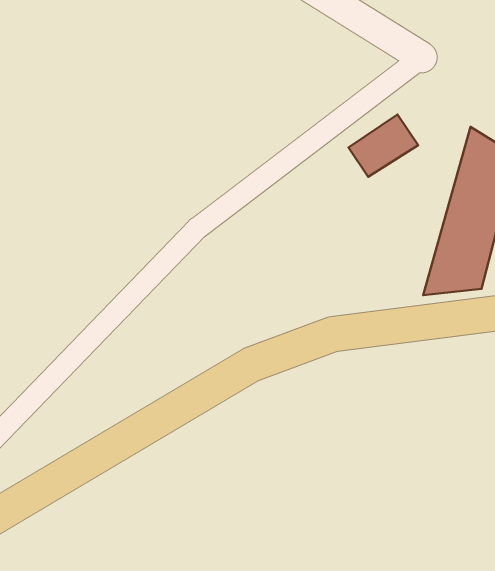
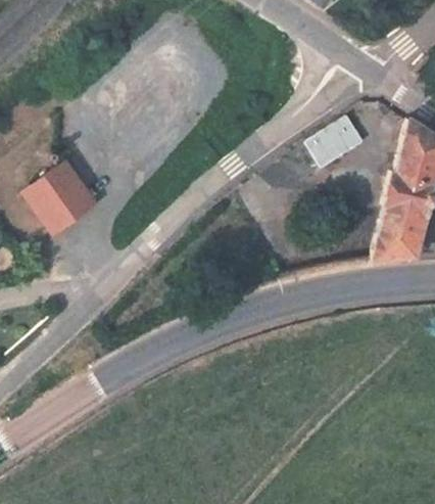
building: none -> [25,148,90,231]

